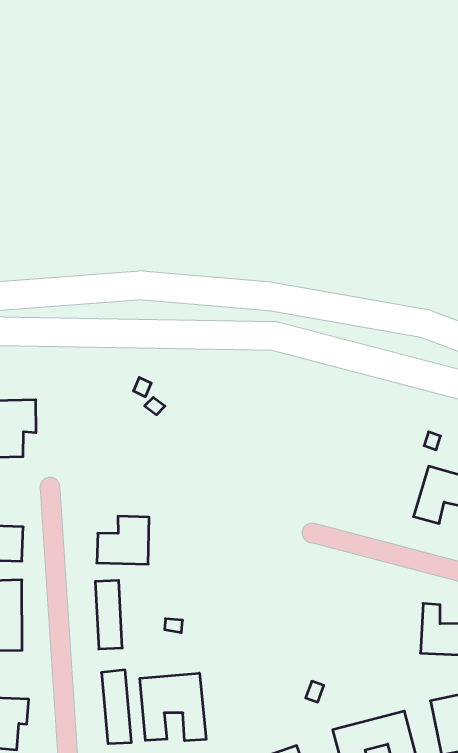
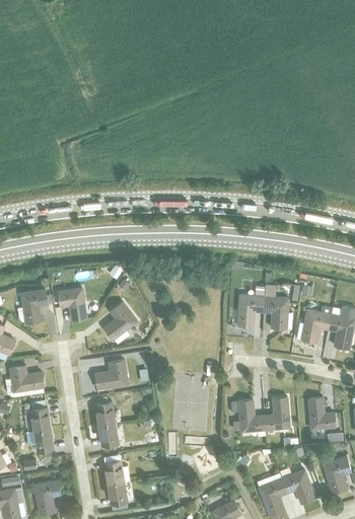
building: none -> [57,286,84,321]
building: none -> [102,298,139,338]
building: none -> [234,293,285,329]
building: none -> [234,393,288,433]
building: [140,673,206,741] -> none

